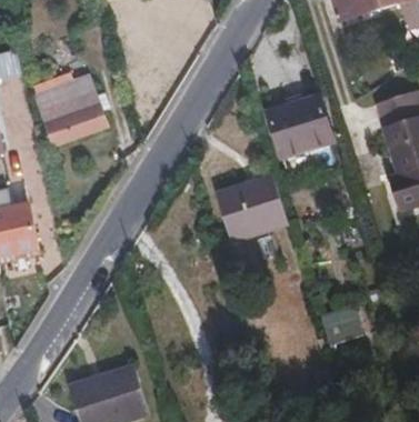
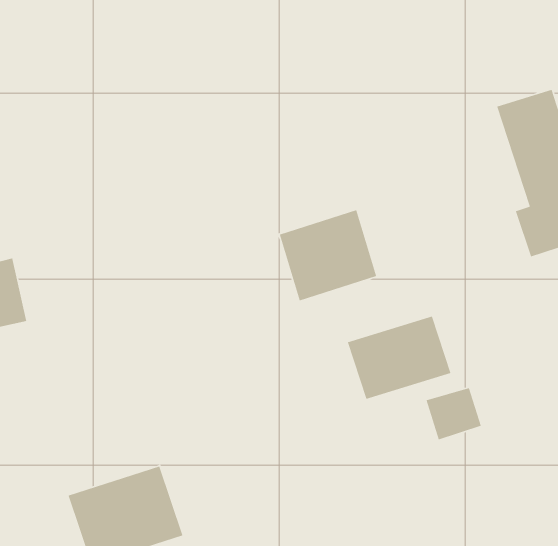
building: [33,81,109,152] -> none
building: [269,93,335,153] -> none
building: none -> [347,316,452,400]

